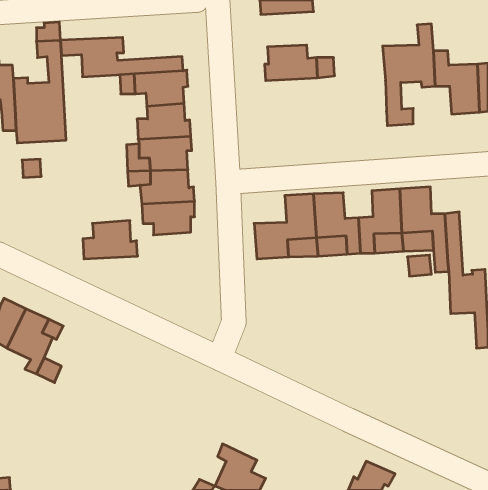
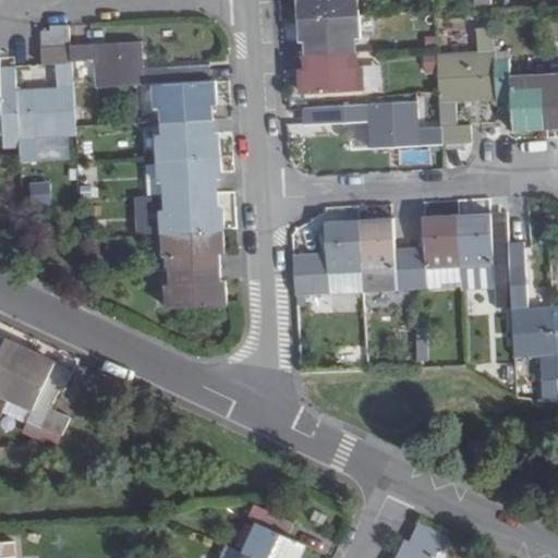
building: none -> [296,13,359,53]
building: none -> [303,101,440,147]
building: [83,221,138,259] -> [163,264,226,307]

